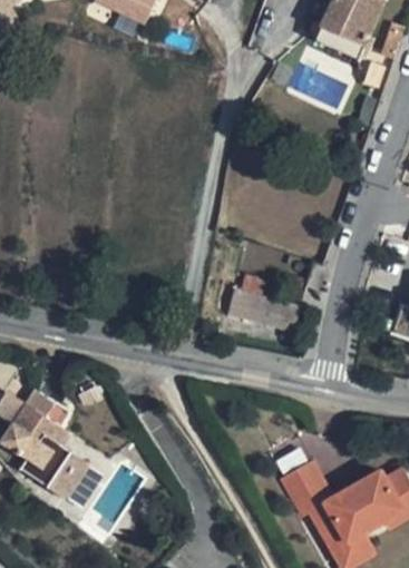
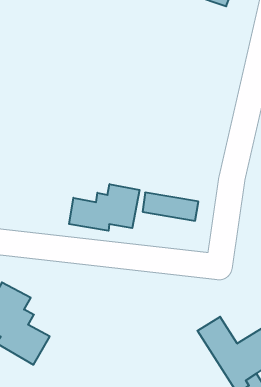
building: none -> [69,184,140,231]

